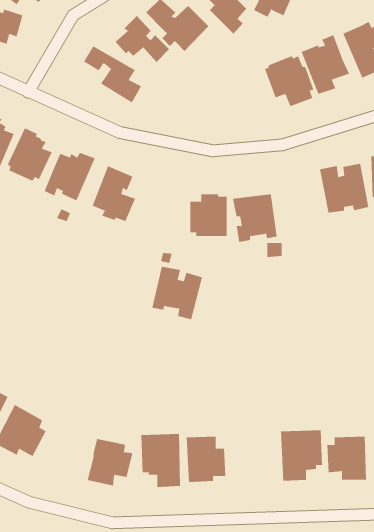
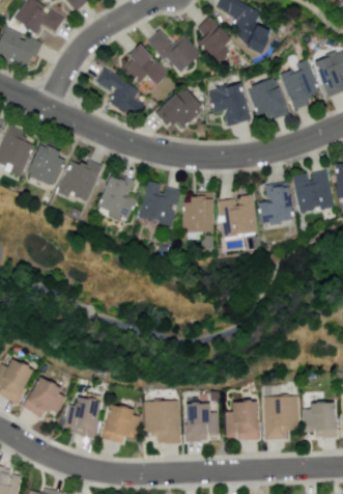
building: none -> [208,83,253,126]
building: none -> [161,88,204,126]
building: none -> [259,182,298,225]
building: [151,266,203,320] -> [140,181,183,226]
building: none -> [63,396,98,437]
building: none -> [223,400,257,439]

